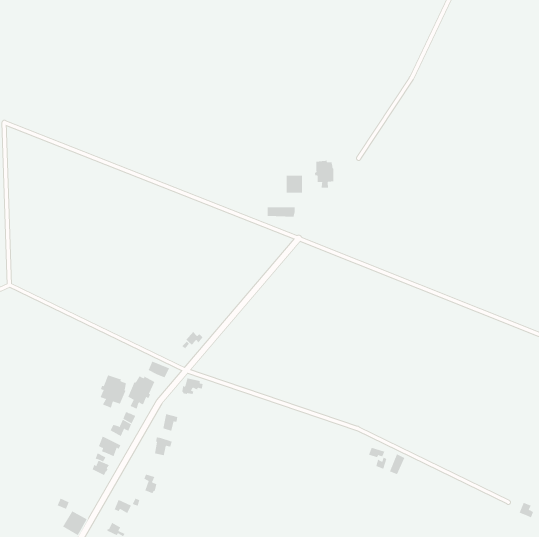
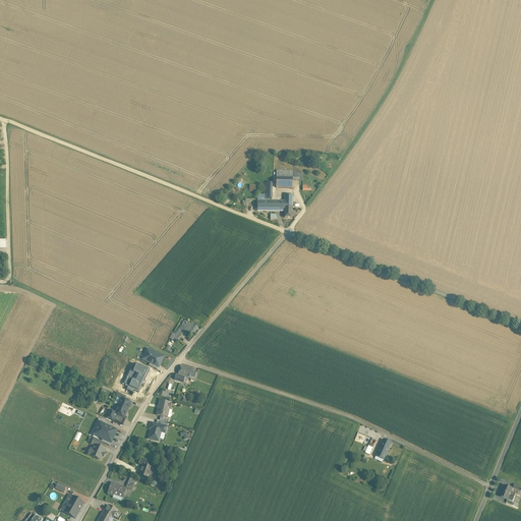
building: [315,160,334,188] -> none
building: [100,374,126,409] -> none

